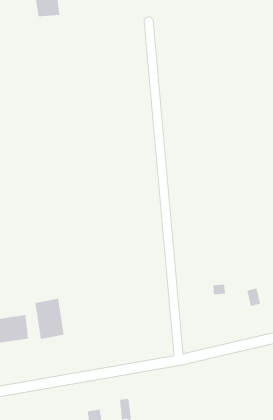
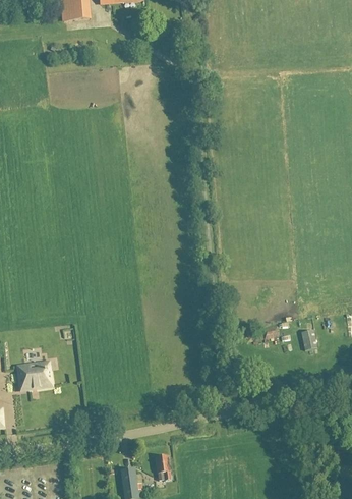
building: [35,298,64,340] -> none

